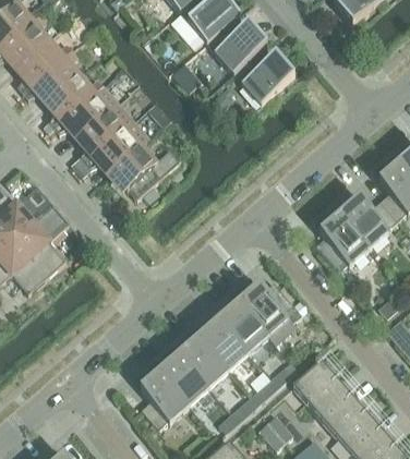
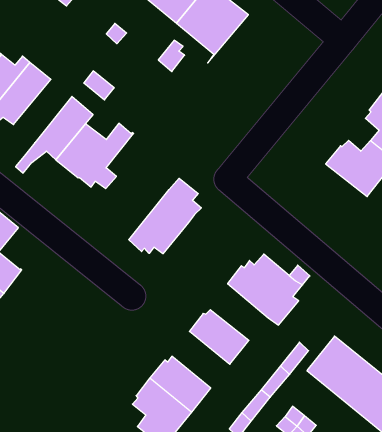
building: [70,101,133,170] -> none
building: none -> [129,178,201,254]
building: [313,213,369,271] -> none
building: [219,300,267,351] -> none
building: [180,335,228,386] -> none

